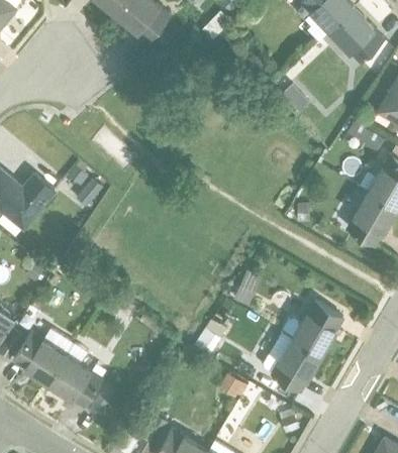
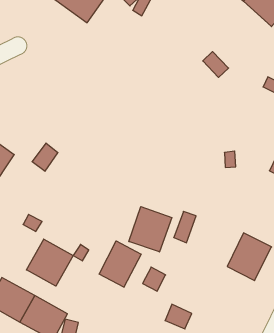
building: none -> [129,207,172,252]
building: none -> [26,239,73,286]
building: none -> [99,241,141,287]
building: [270,335,322,391] -> none

